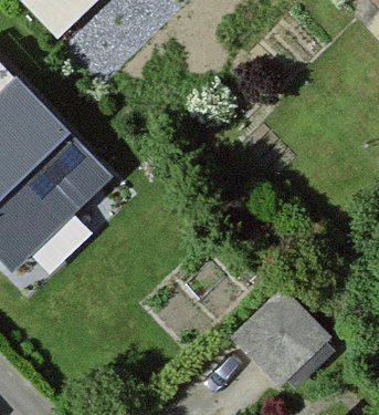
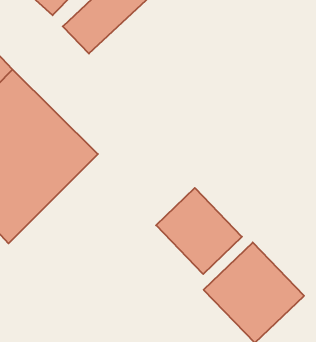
building: none -> [156,188,242,274]

